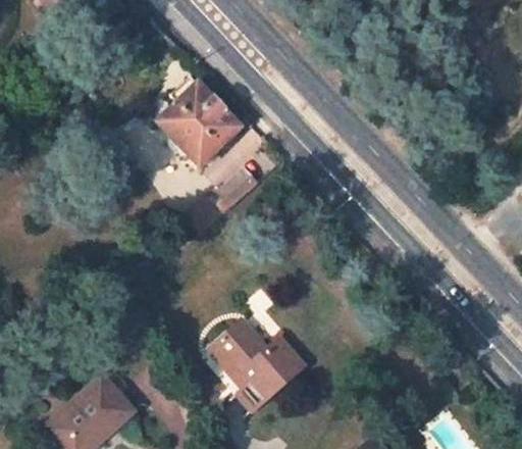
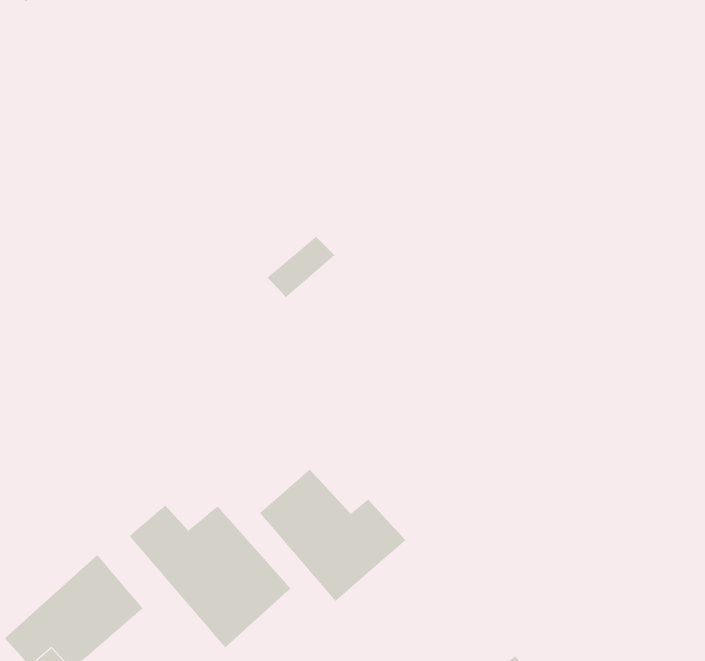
building: [158,76,241,165] -> none
building: none -> [129,504,291,648]

